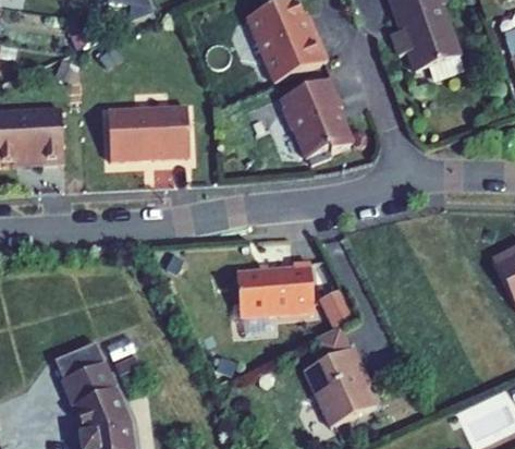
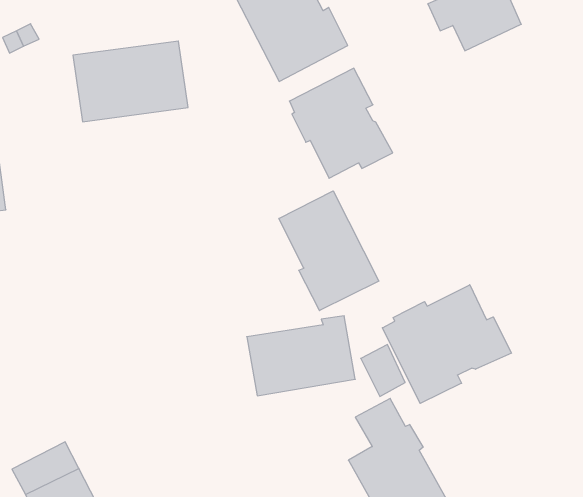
building: [108,106,191,160] -> [73,41,188,122]
building: none -> [279,191,379,311]
building: none -> [382,285,511,403]

